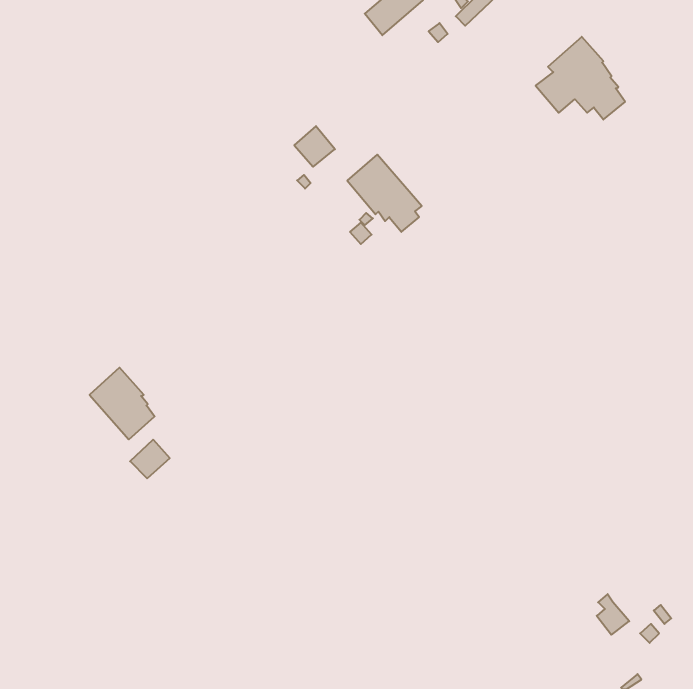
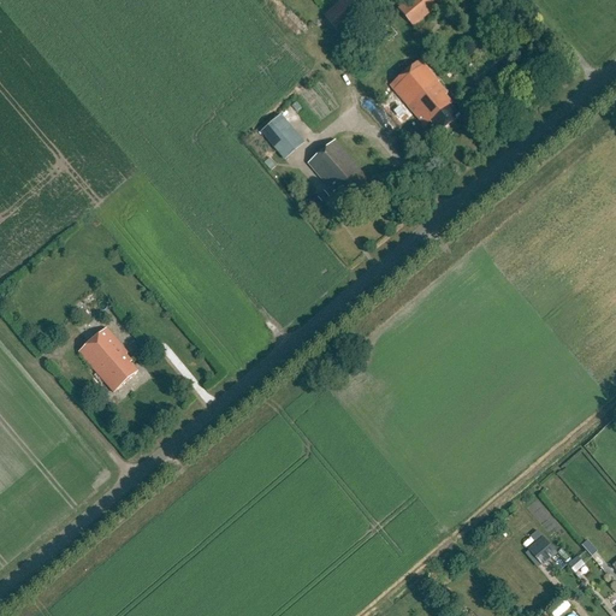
building: [536,37,625,120] -> [379,57,458,130]
building: [130,440,170,478] -> none

